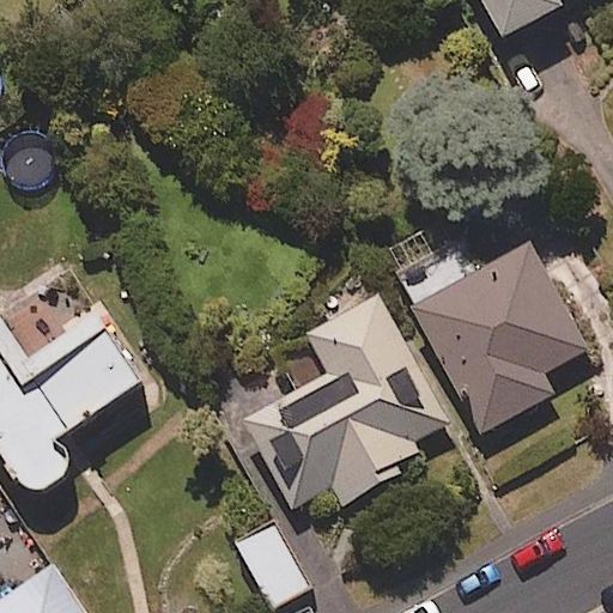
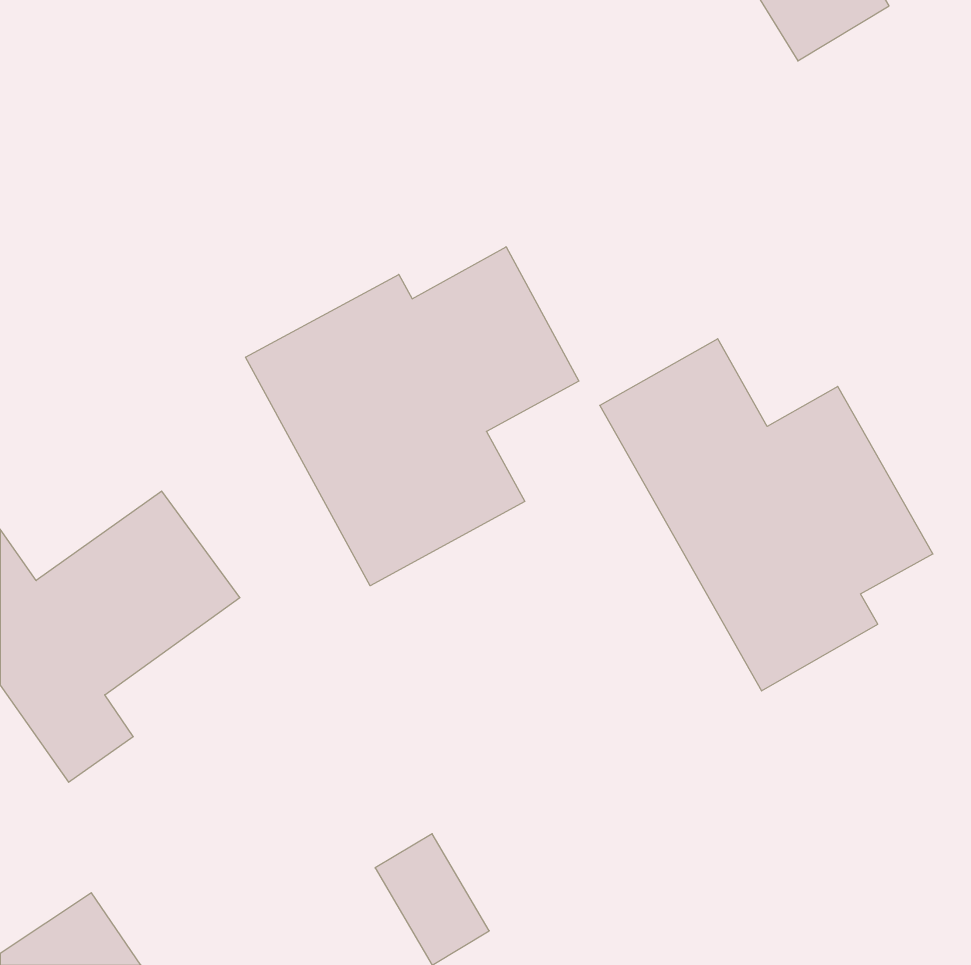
building: none -> [246,247,579,586]
building: [225,295,450,509] -> none

